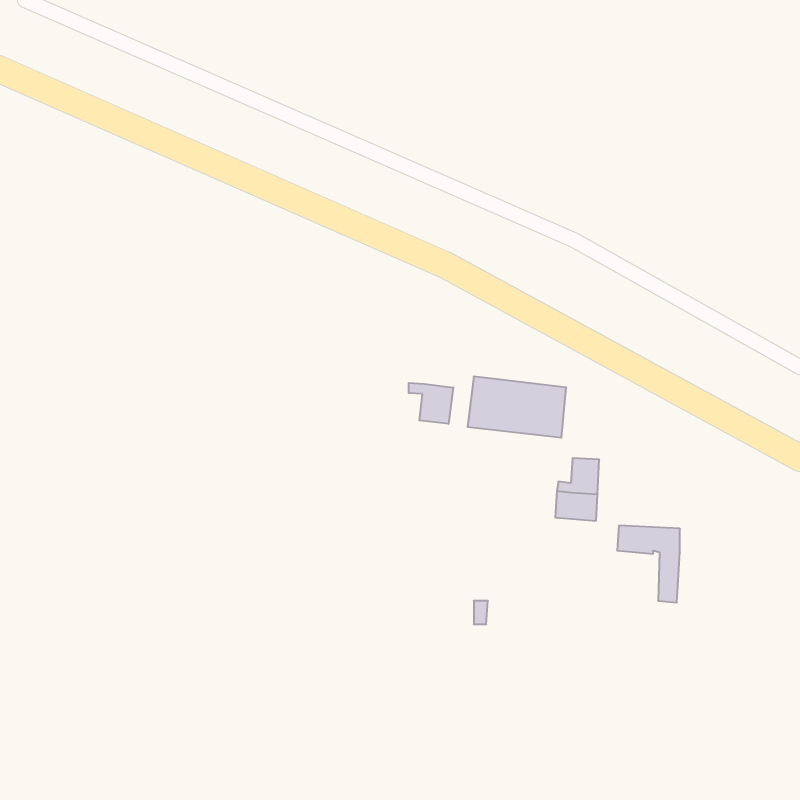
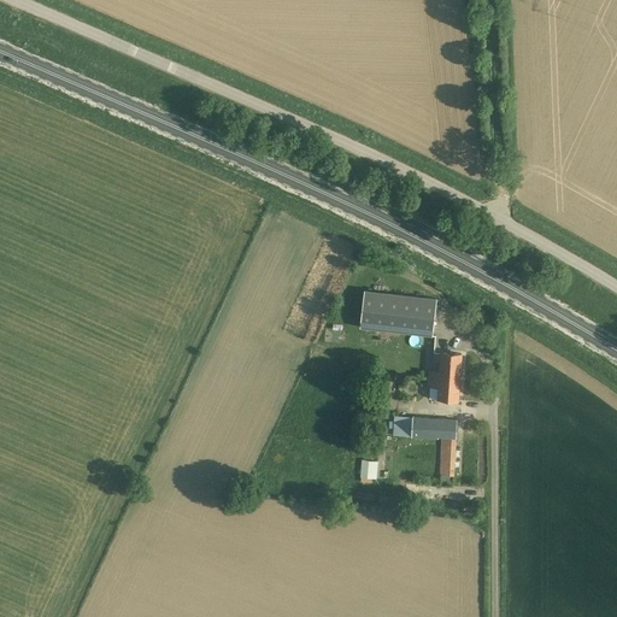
building: [409,383,453,424] -> none
building: [617,526,680,602] -> [407,418,456,477]

